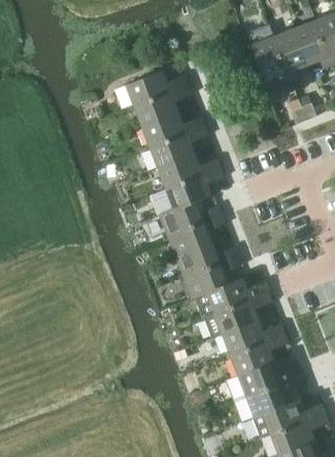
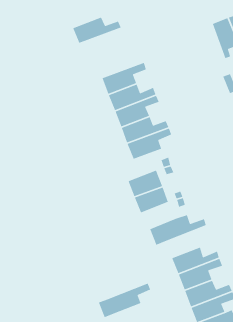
building: [249,25,290,83] -> none
building: [125,70,188,105] -> [72,16,122,44]
building: [159,201,203,236] -> none
building: [182,262,227,297] -> none
building: [203,292,271,338] -> [98,283,151,318]

